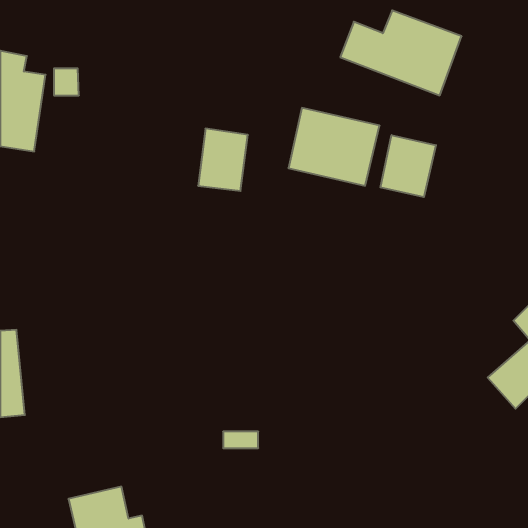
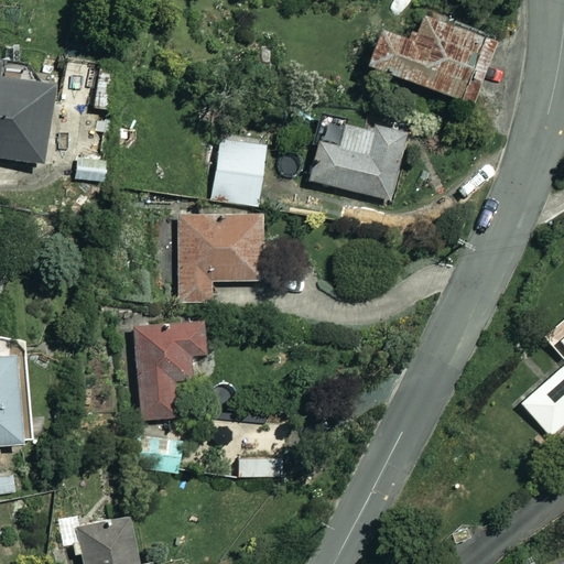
building: [380,135,436,197] -> none
building: none -> [176,213,261,301]
building: none -> [133,318,203,421]

